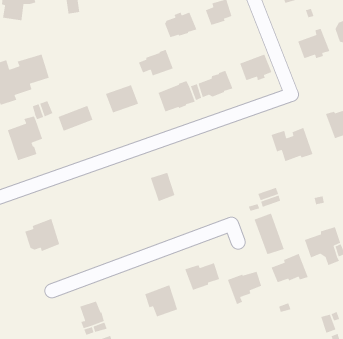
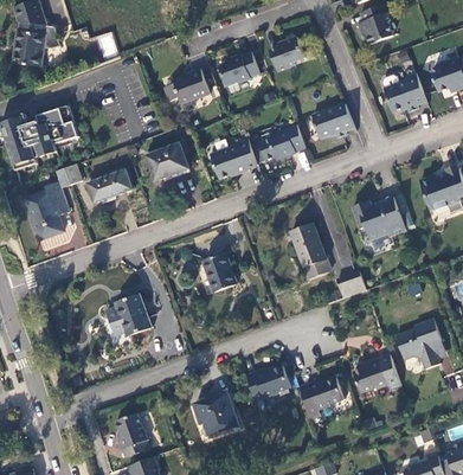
building: [138,49,174,76] -> [165,70,210,104]
building: [253,212,285,255] -> [291,223,330,276]
building: [24,218,60,252] -> [104,294,149,336]

